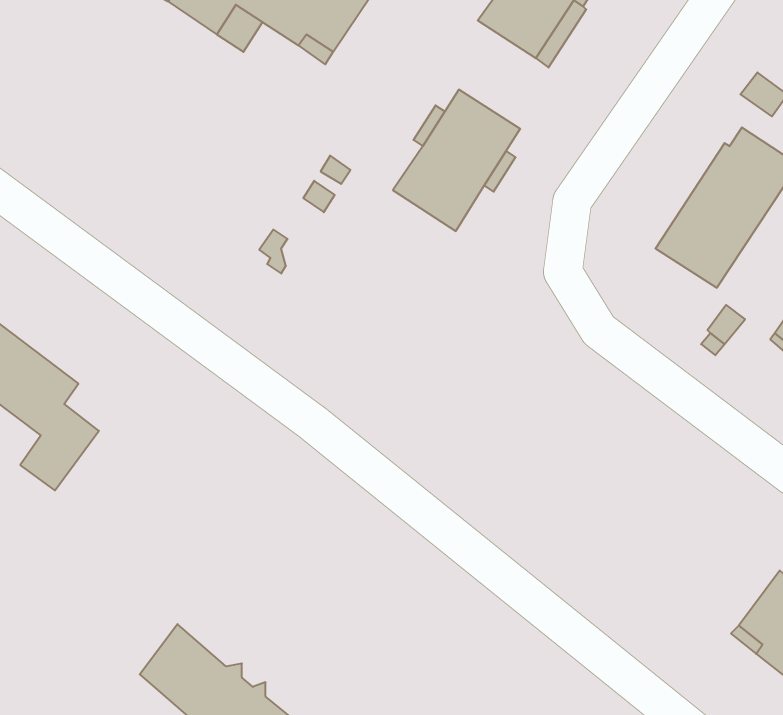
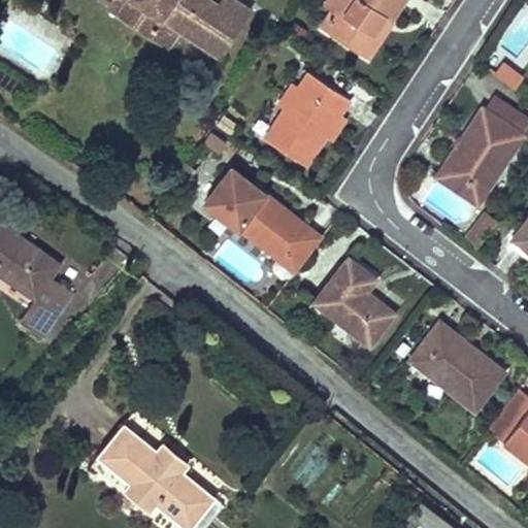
building: none -> [205,168,322,278]
building: none -> [314,258,394,345]
building: none -> [410,323,504,410]

